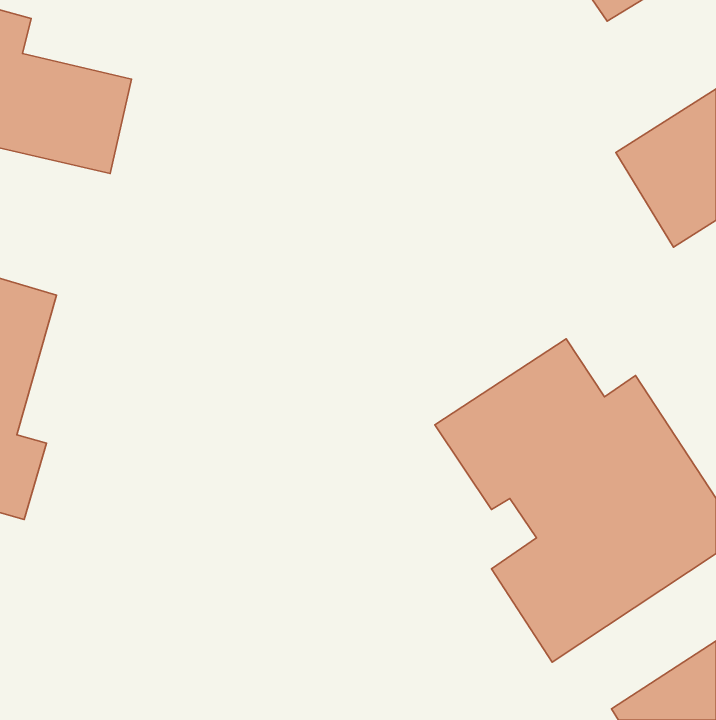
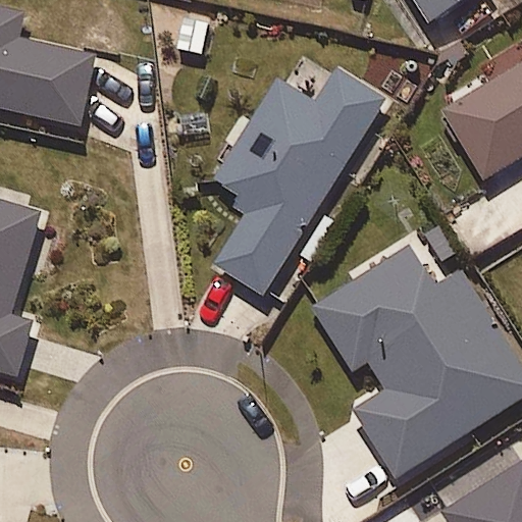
building: none -> [209,68,386,294]

